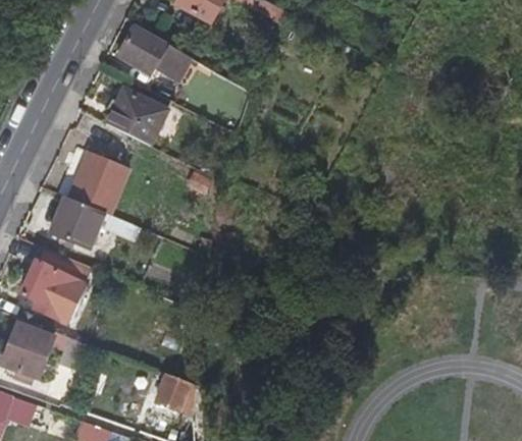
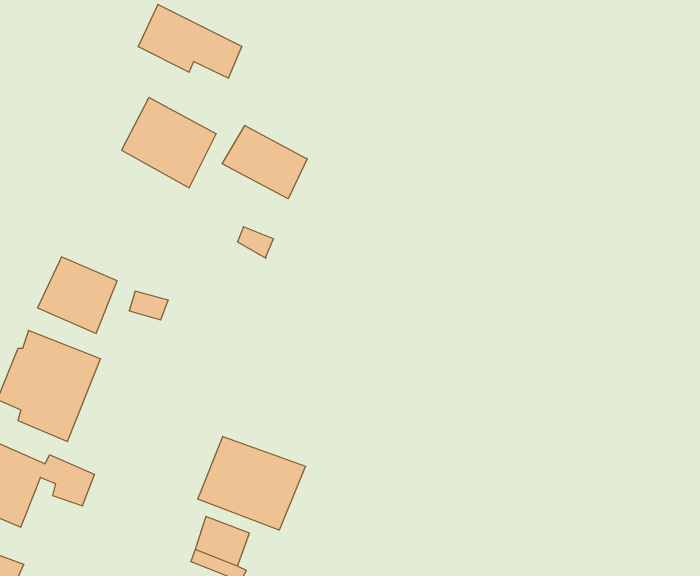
building: none -> [222,125,307,199]
building: [67,147,130,216] -> none
building: none -> [198,436,305,530]

